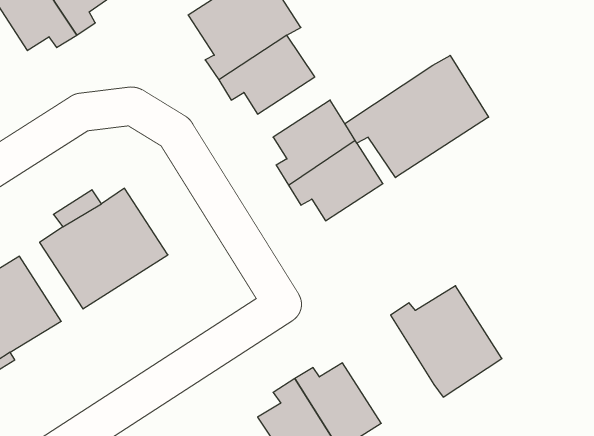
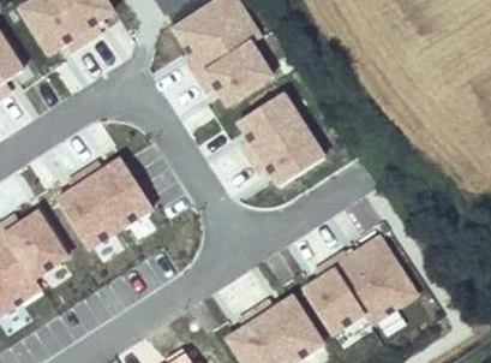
building: [345,55,489,178] -> none
building: none -> [303,257,363,332]

